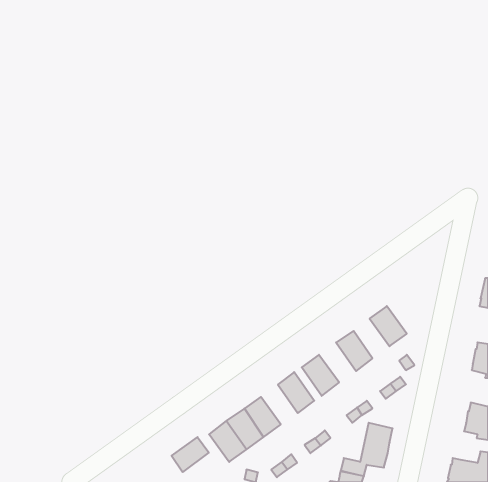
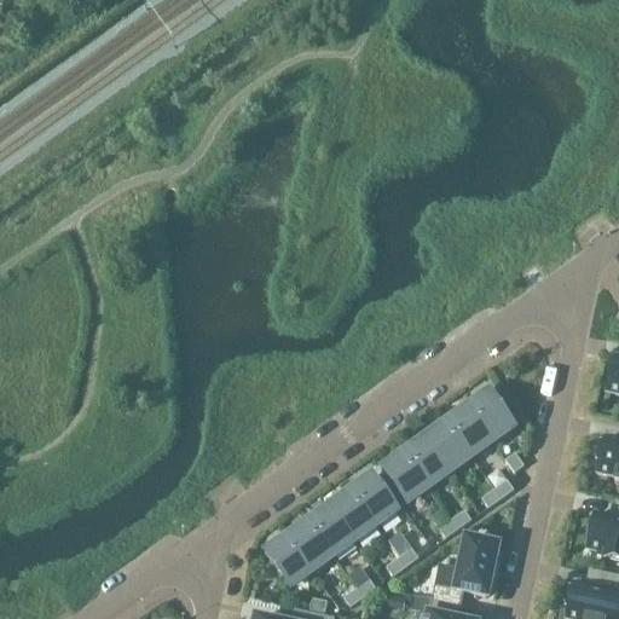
building: none -> [447,403,493,453]
building: none -> [404,433,451,484]
building: none -> [330,486,377,537]
building: [172,437,209,472] -> none

